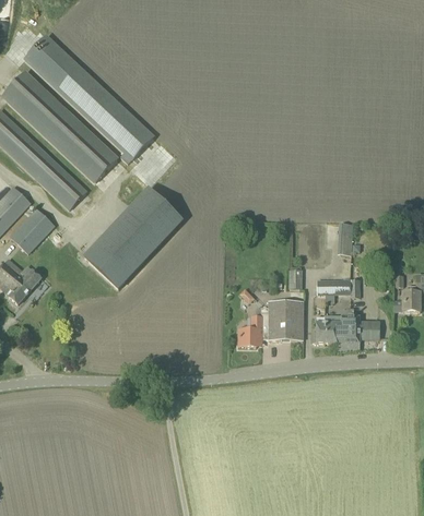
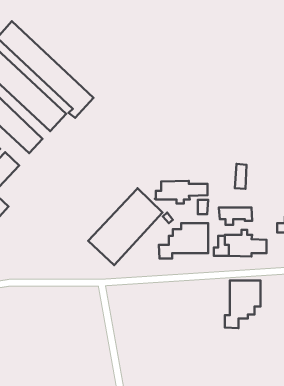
building: [84,188,181,288] -> [88,188,163,265]
building: none -> [155,181,207,204]
building: none -> [225,280,261,328]

